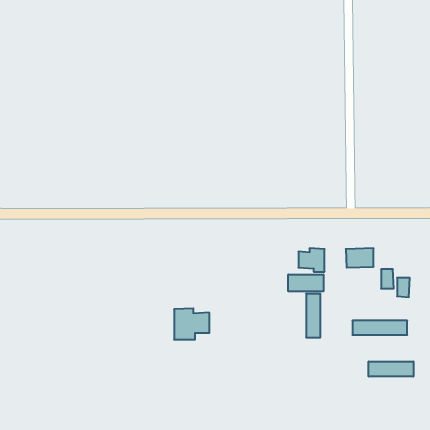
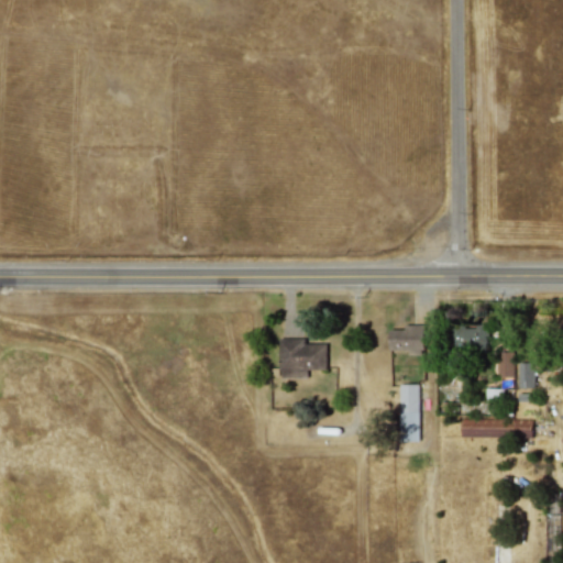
building: [288,274,323,291] -> none
building: [174,308,209,340] -> [280,338,327,378]
building: [369,361,413,377] -> none

